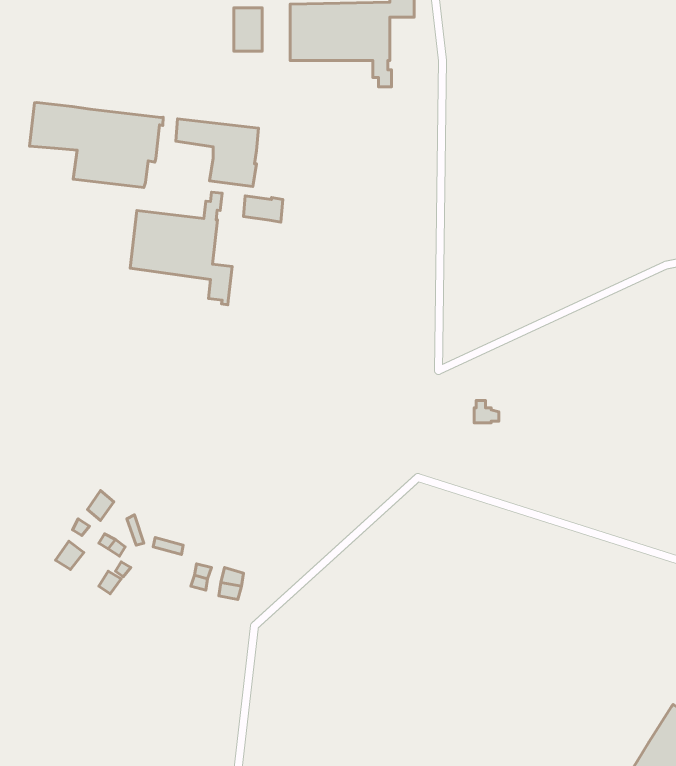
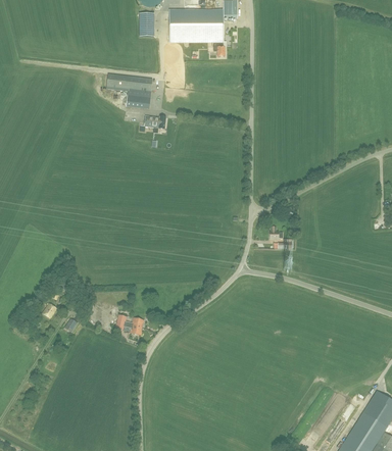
building: [30,102,163,187] -> none
building: [130,192,232,305] -> none

